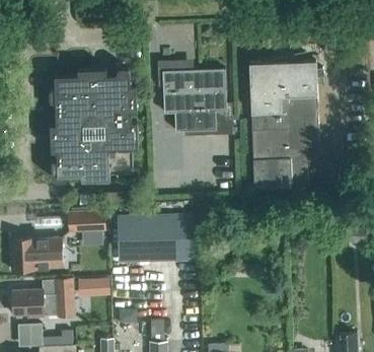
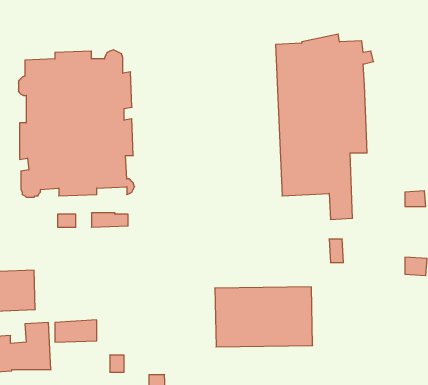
building: [163,65,233,135] -> none
building: [69,210,105,231] -> none
building: [117,215,193,262] -> [215,287,313,347]

